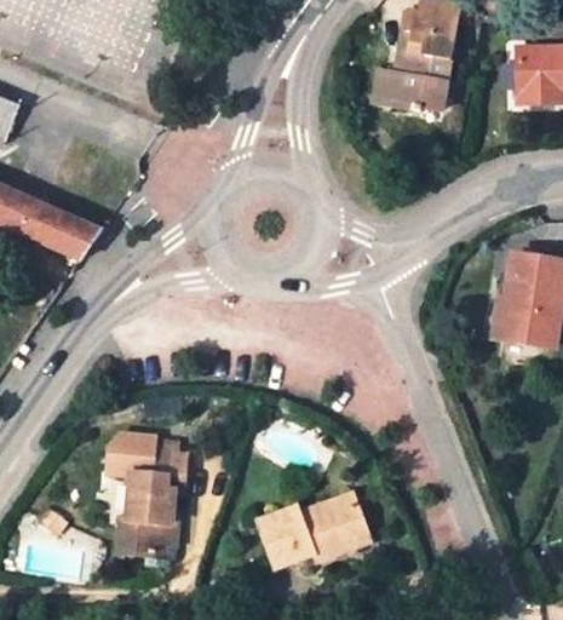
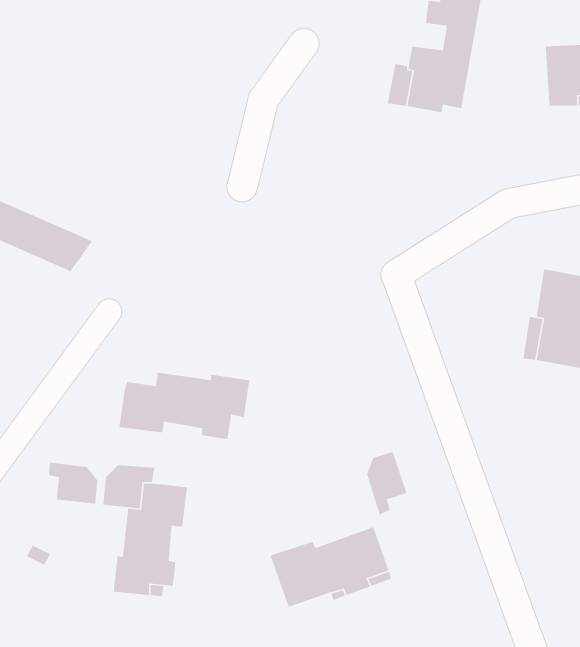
building: none -> [119,372,250,440]
building: none -> [366,451,407,516]
building: none -> [49,462,98,504]

